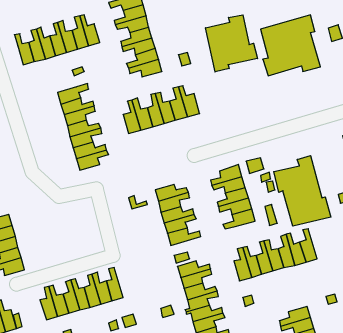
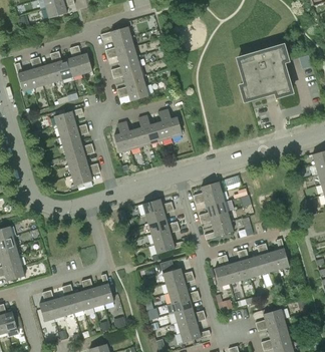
building: [206,15,257,72] -> none
building: [274,156,331,226] -> none

